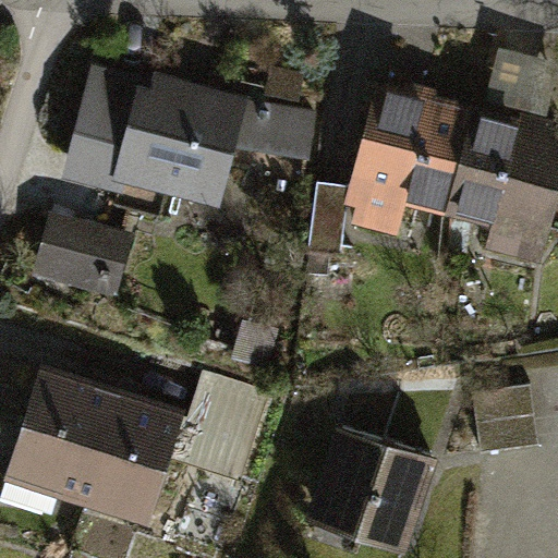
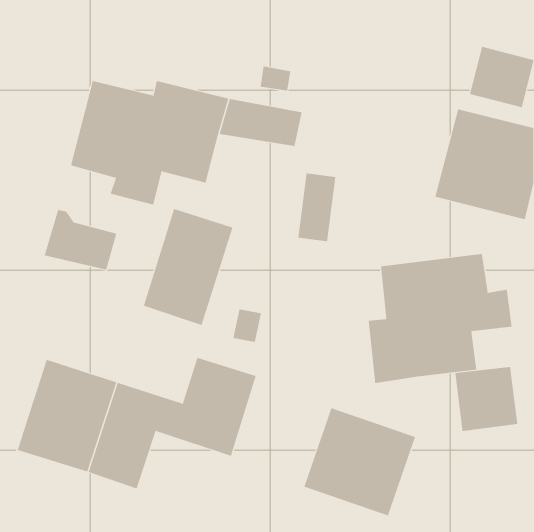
building: [355,92,476,231] -> none
building: none -> [143,208,233,326]
building: none -> [368,253,512,384]

